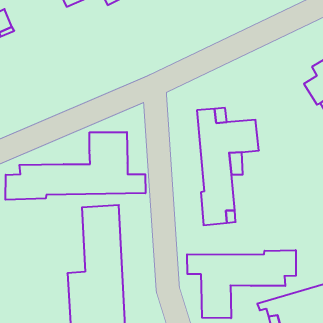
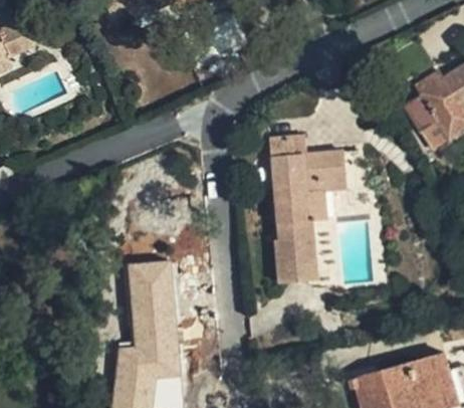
building: [5,132,145,200] -> none
building: [187,250,296,318] -> none

